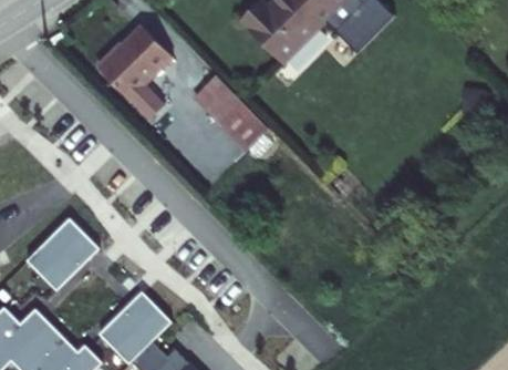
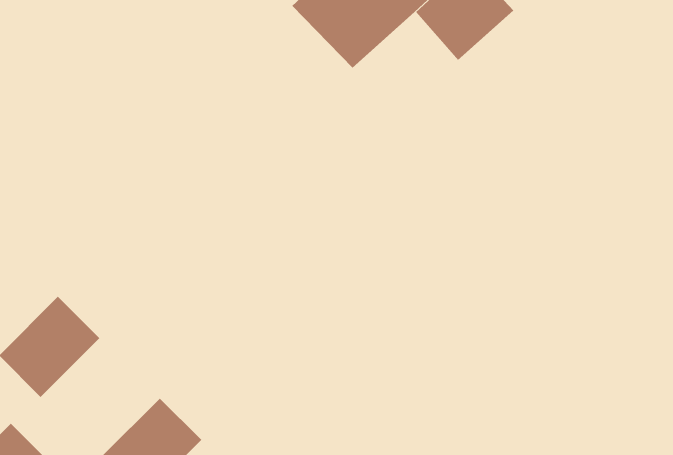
building: [101,27,173,120] -> none
building: [195,75,268,151] -> none

